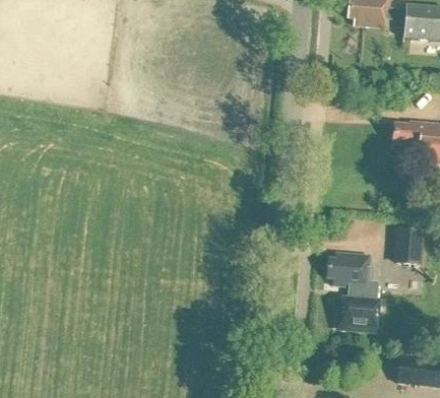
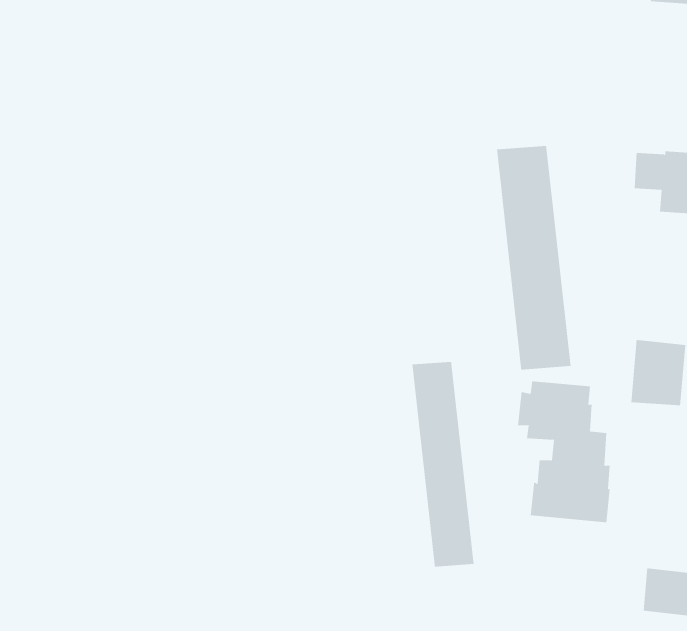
building: none -> [496,145,571,371]
building: none -> [412,361,474,567]

